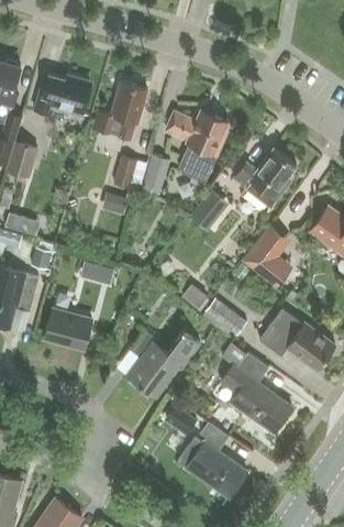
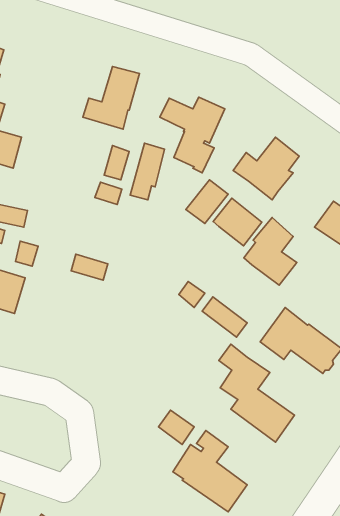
building: [34,76,90,118] -> none
building: none -> [213,198,262,246]
building: [42,307,93,352] -> none
building: [127,331,200,397] -> none

